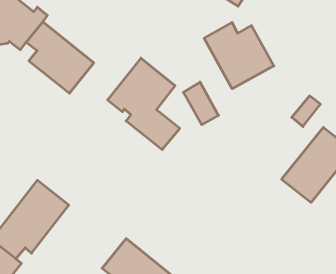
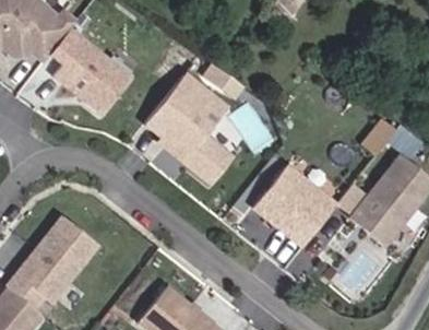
building: [204,22,274,89] -> none
building: none -> [253,164,336,245]

